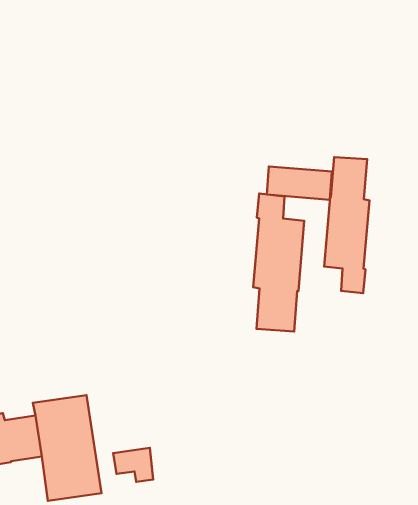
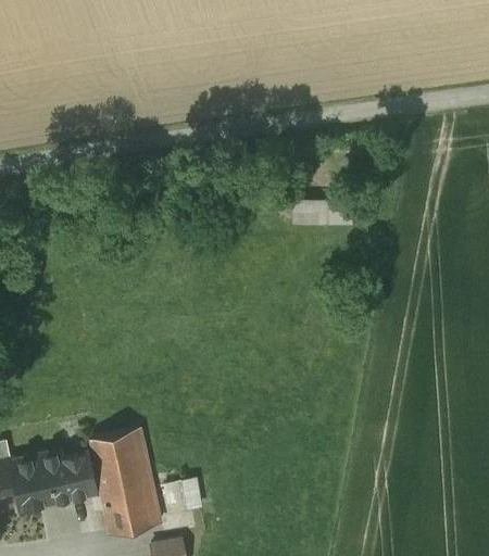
building: [324,157,370,293] -> none
building: [253,194,304,331] -> none

